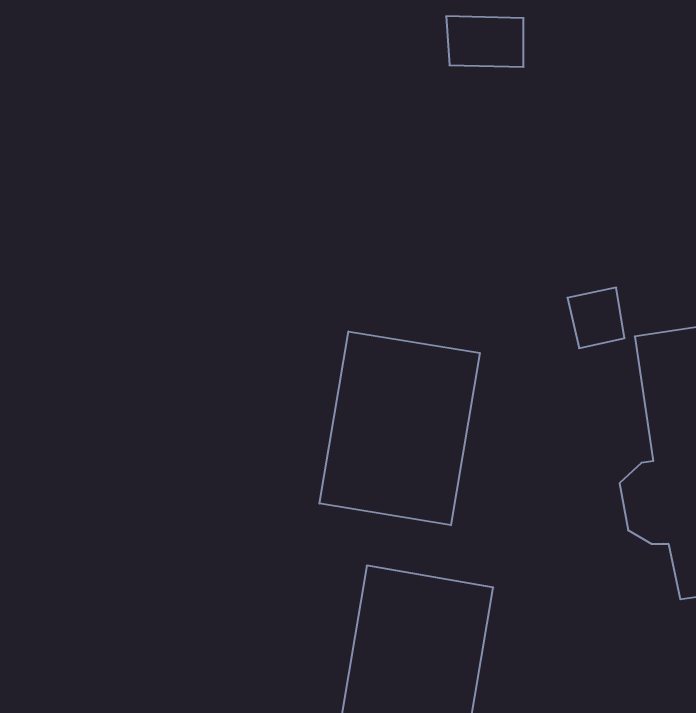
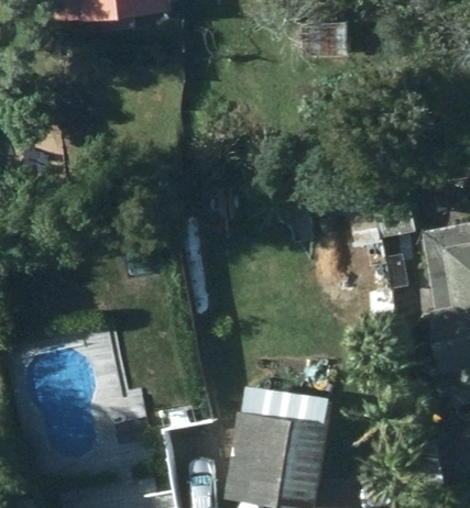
building: [319,331,480,525] -> none

